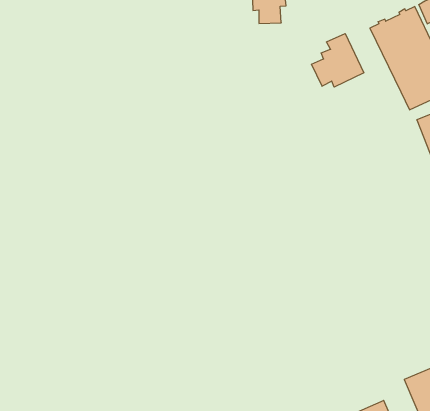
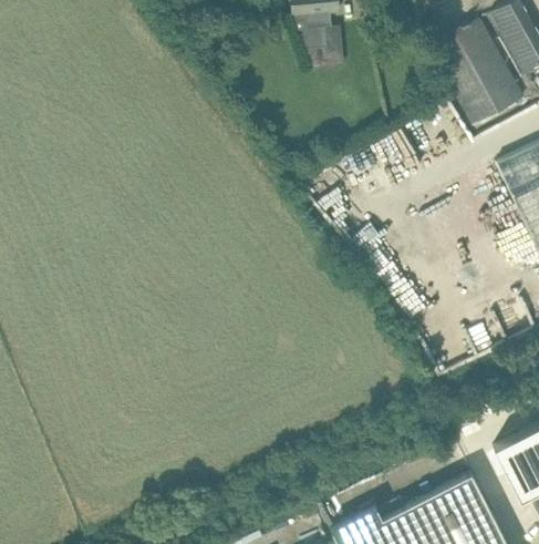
building: [311,34,364,87] -> none

